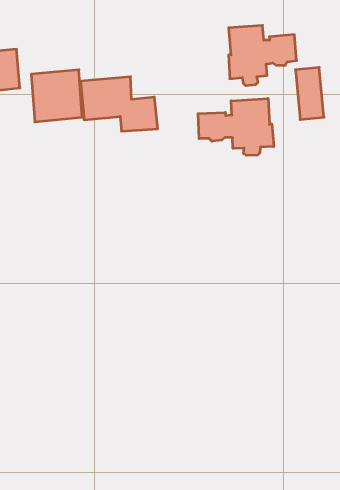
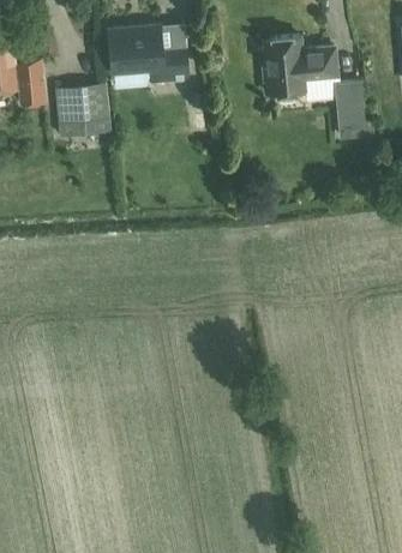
building: [81,77,158,131] -> [108,26,190,84]
building: [198,98,274,155] -> none

